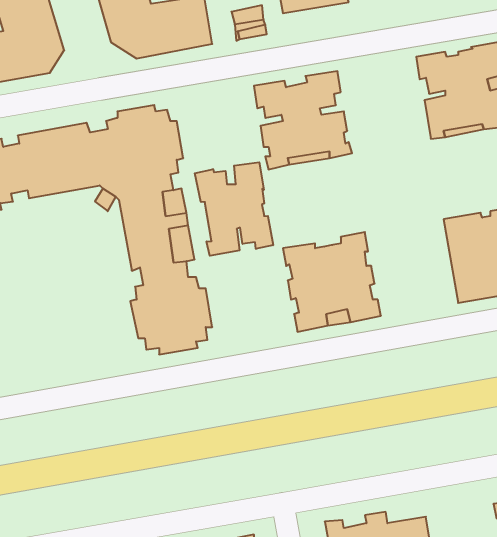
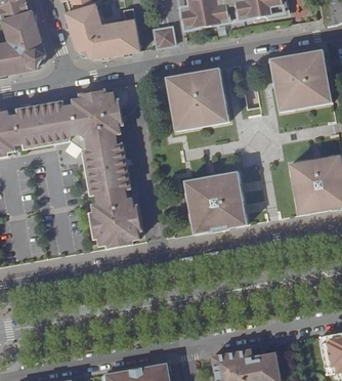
building: [195,162,273,256] -> none

